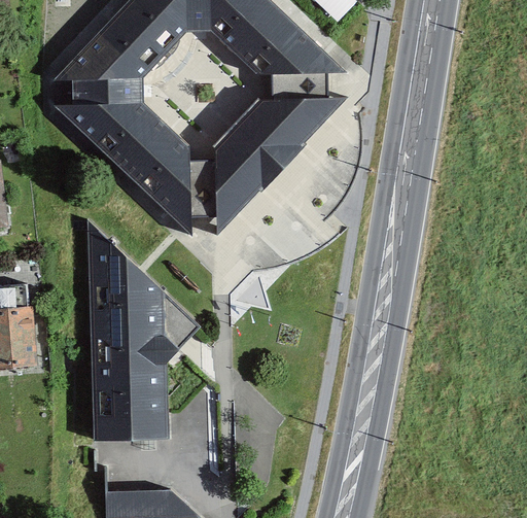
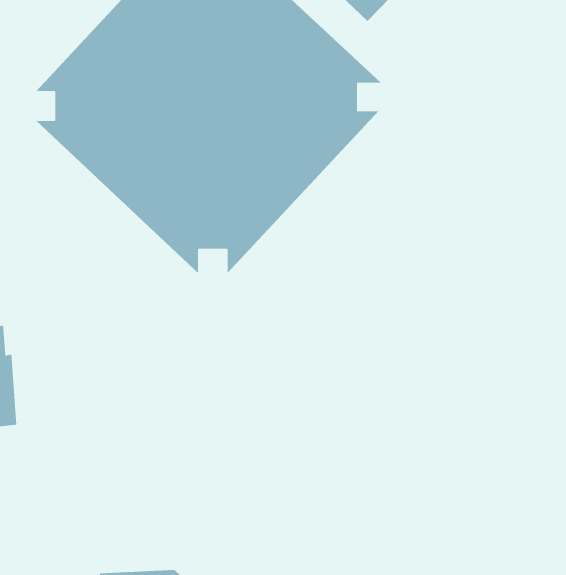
building: [87,222,200,445] -> none

